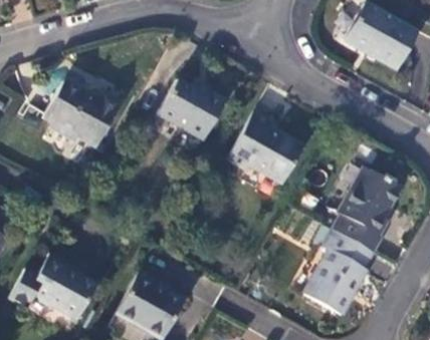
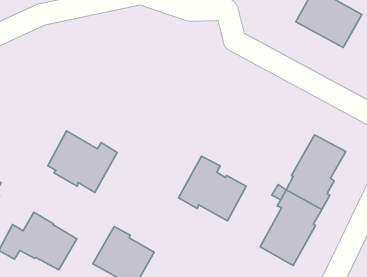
building: [42,78,121,147] -> [48,131,117,192]
building: [156,79,225,139] -> none
building: [226,111,302,185] -> [178,156,246,221]

